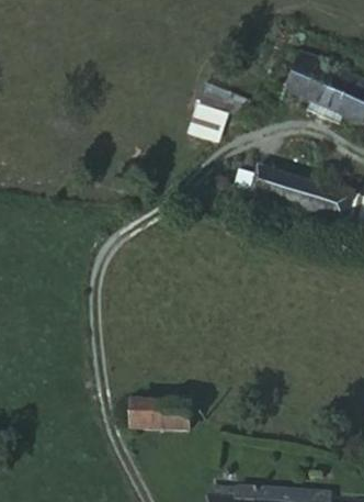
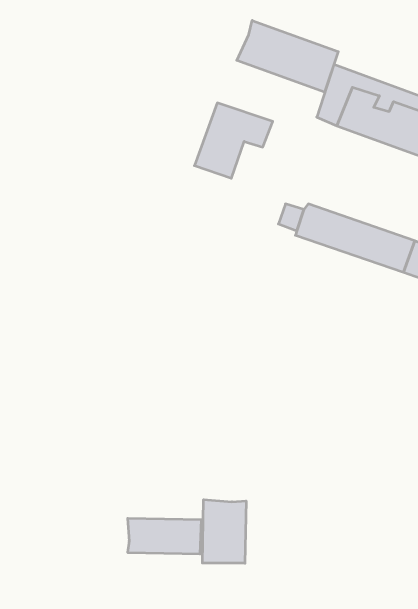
building: none -> [237,20,338,92]
building: none -> [202,500,246,563]

